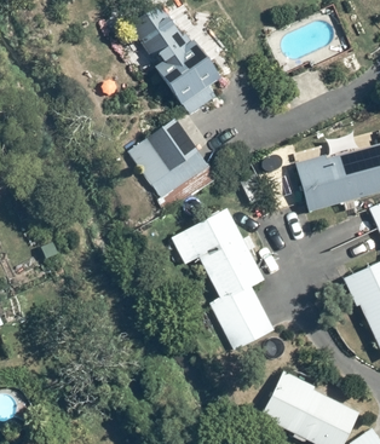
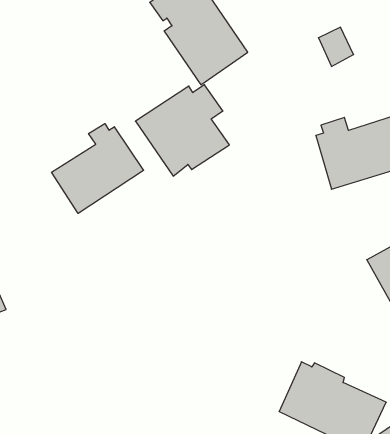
building: none -> [52,124,144,213]
building: [169,204,277,353] -> none

